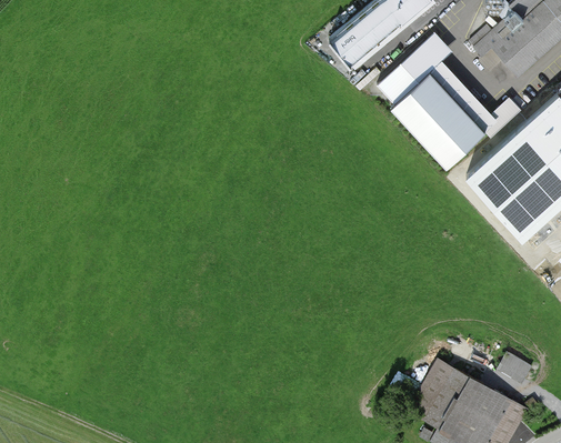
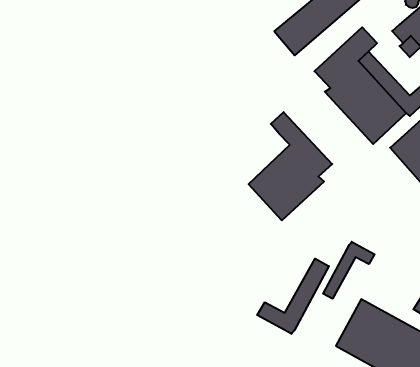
building: none -> [249,112,332,220]
building: none -> [323,242,375,299]
building: none -> [257,259,329,334]

